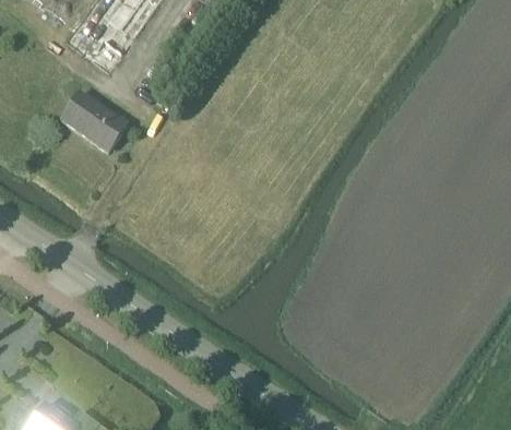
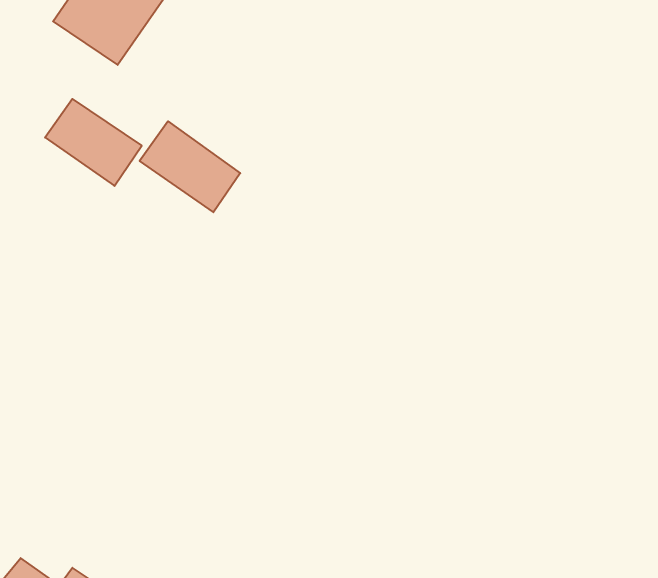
building: none -> [140,121,240,212]

